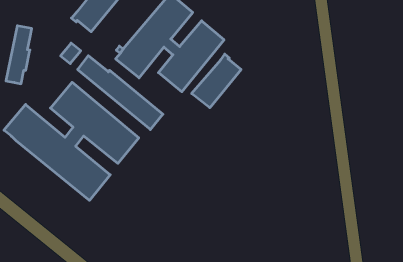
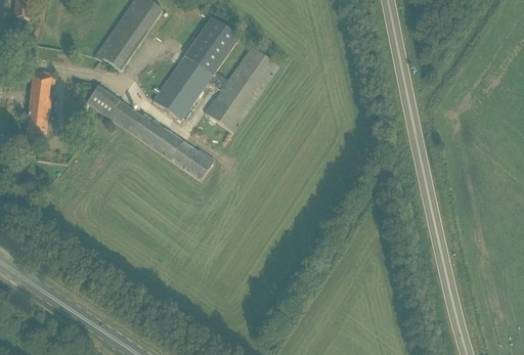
building: [192,54,241,108] -> none
building: [4,82,139,200] -> none

